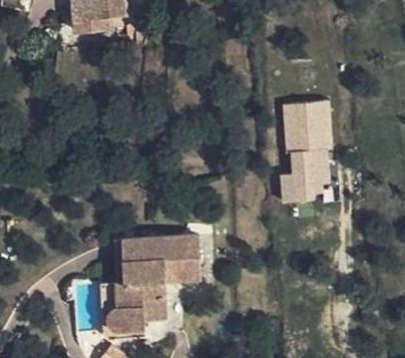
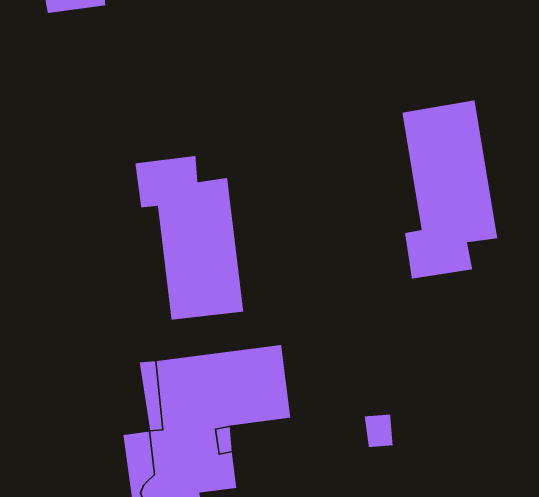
building: none -> [135,155,244,320]

